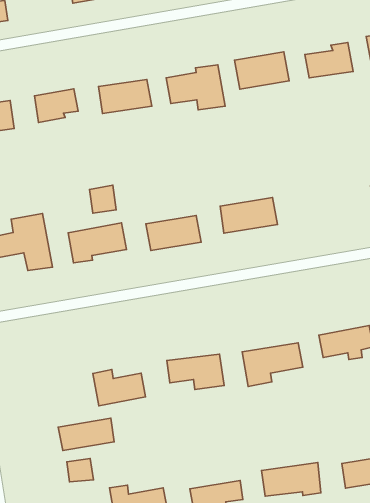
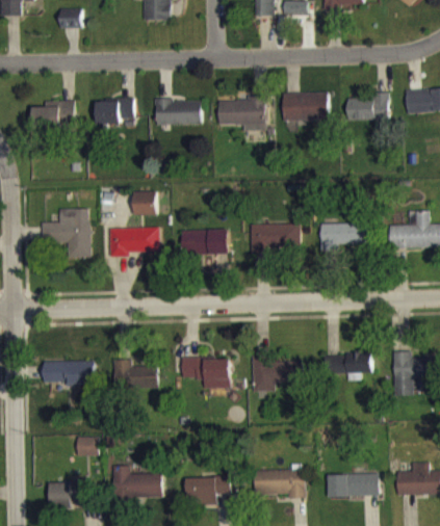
building: none -> [319,222,370,247]
building: [58,418,114,450] -> [46,361,95,384]

